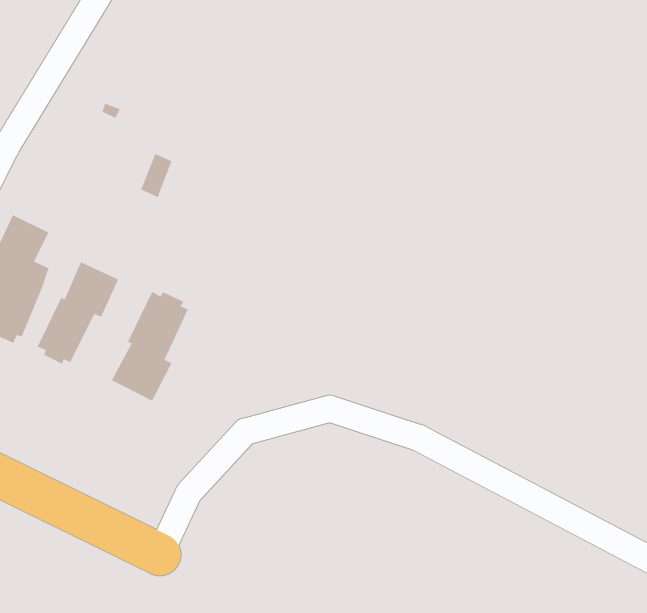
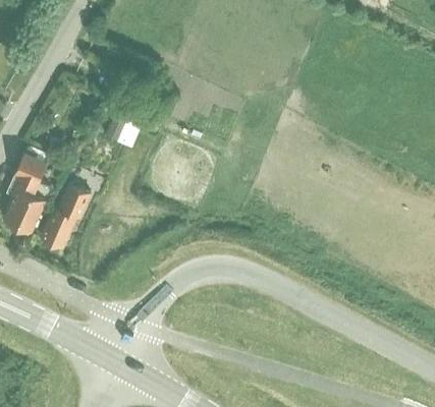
building: [111,291,189,402] -> none

